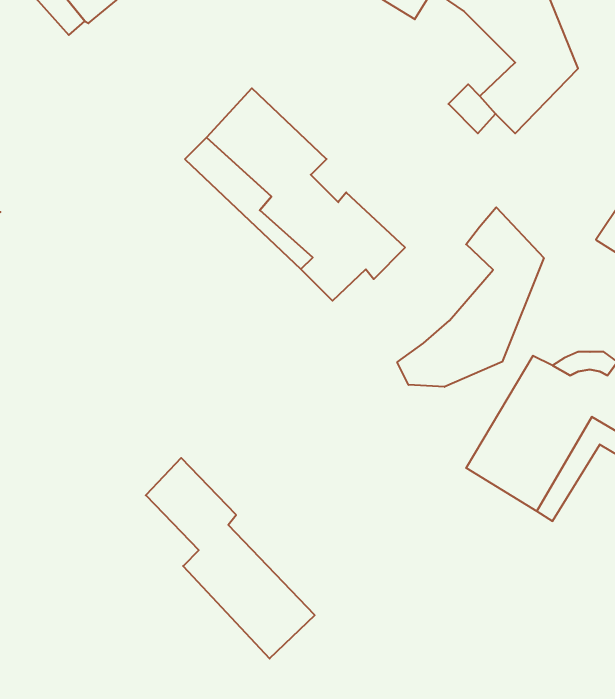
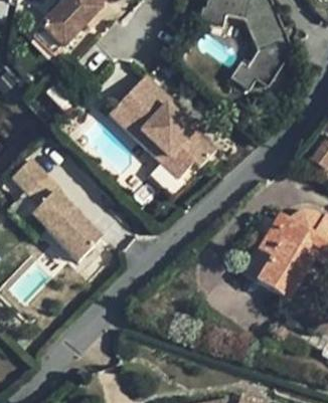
building: [397,207,544,387] -> none
building: [146,458,315,659] -> [15,164,102,266]

